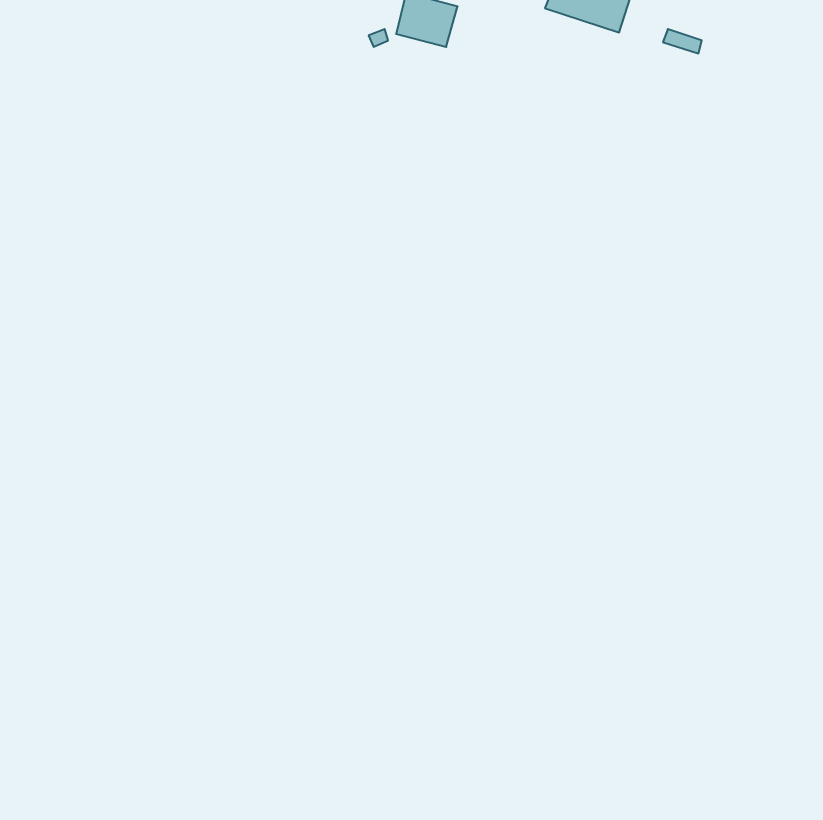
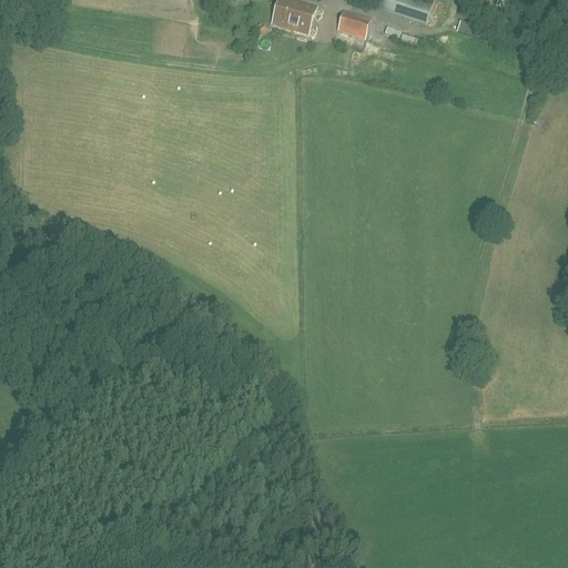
building: none -> [337,9,369,37]

